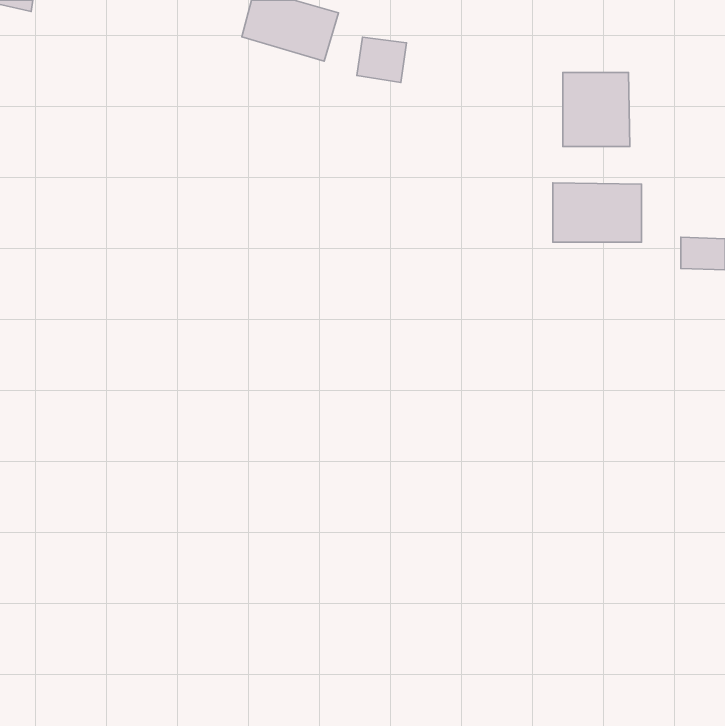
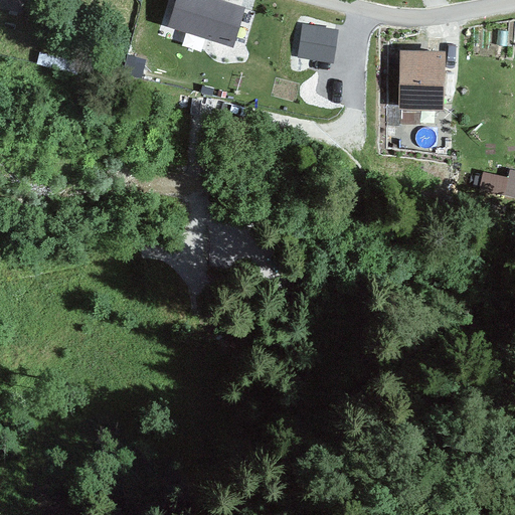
building: [357,37,407,83] -> [300,27,335,59]
building: [553,183,642,242] -> none

